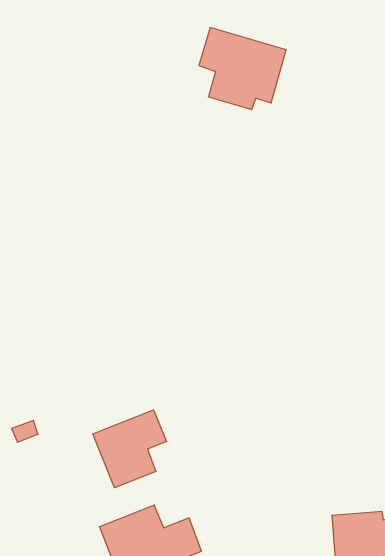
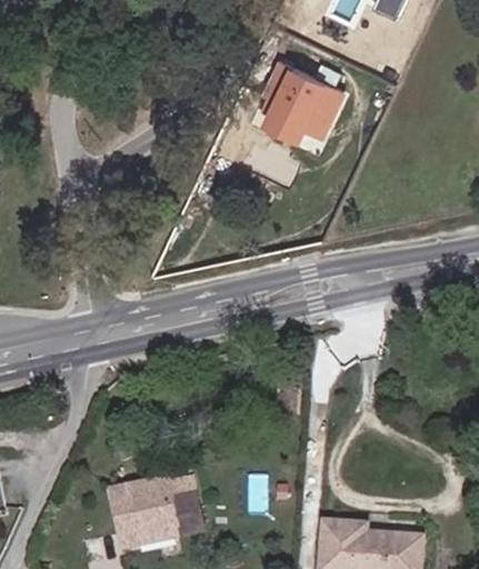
building: [93,410,167,488] -> none

